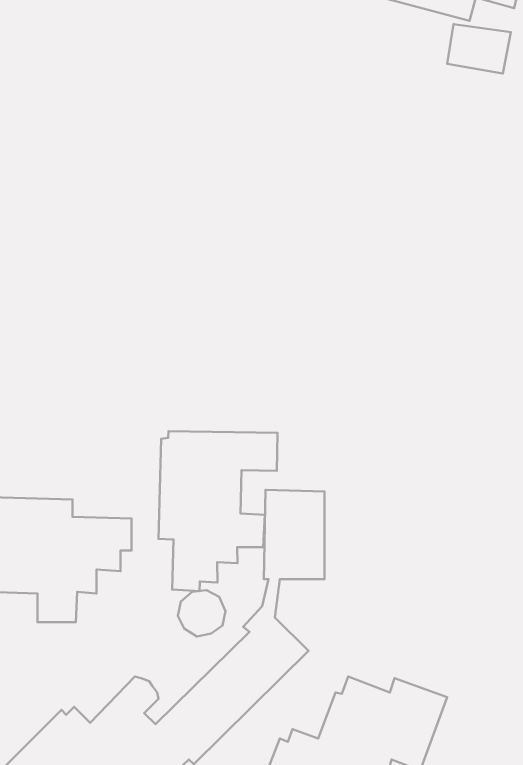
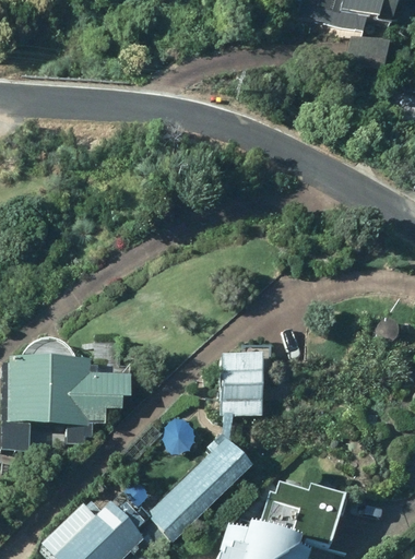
building: [159,431,277,591] -> none

